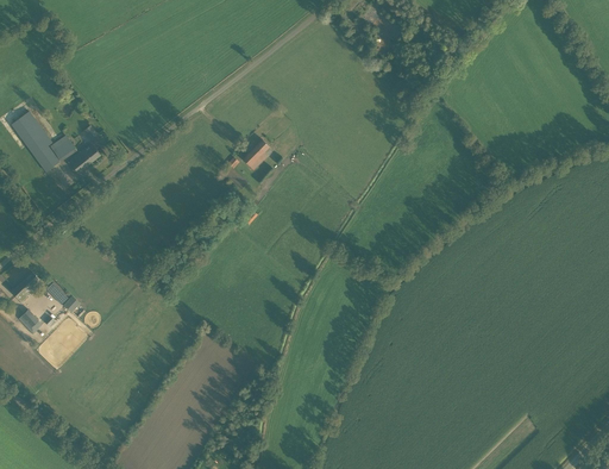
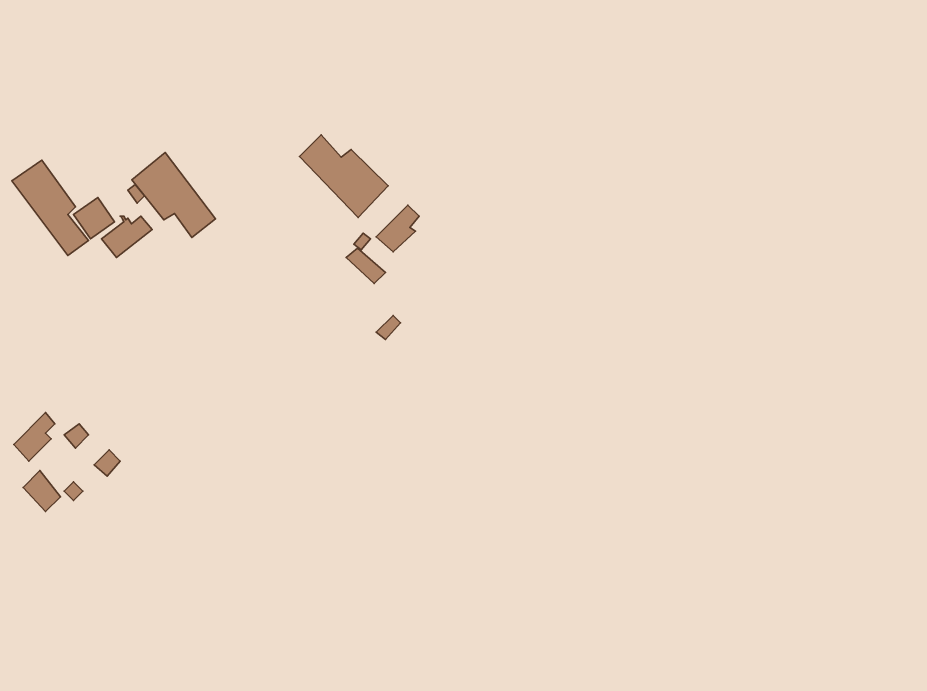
building: none -> [300,135,388,217]
building: none -> [132,153,215,237]

